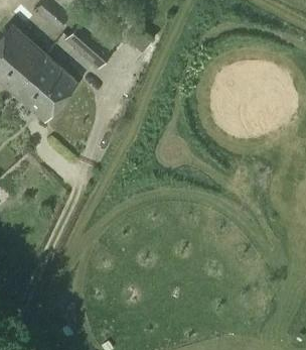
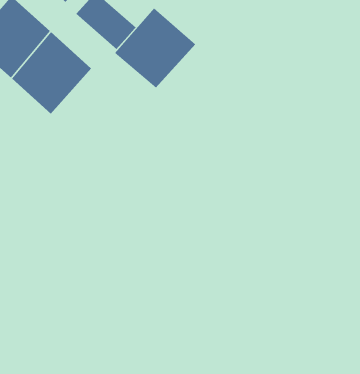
building: none -> [114,7,196,88]

